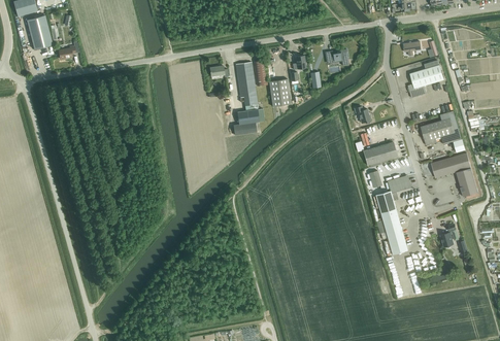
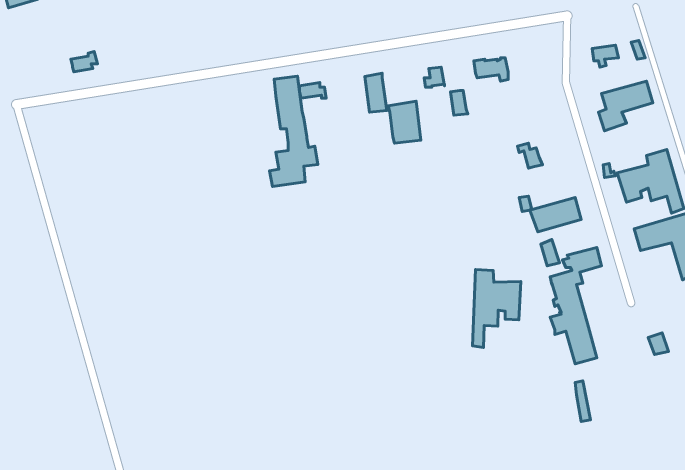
building: [27,15,51,49] -> none
building: [232,62,264,135] -> [270,76,318,186]
building: none -> [472,269,521,348]

